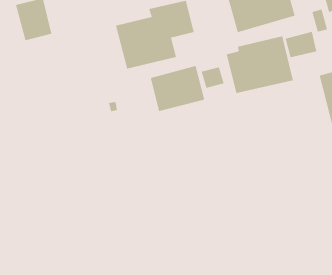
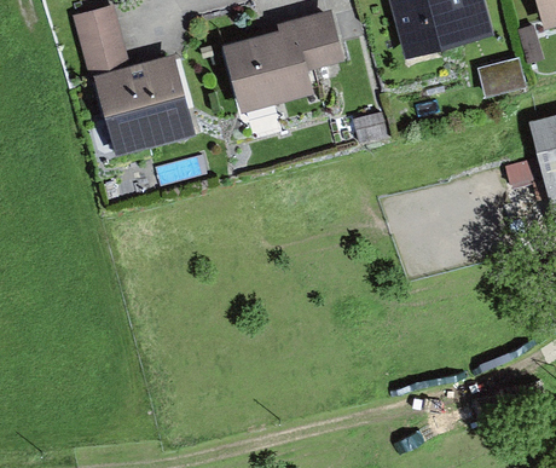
building: none -> [93,53,196,156]
building: [226,35,293,94] -> none
building: [150,65,205,112] -> none

